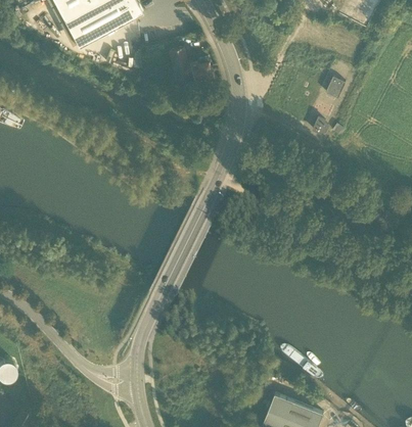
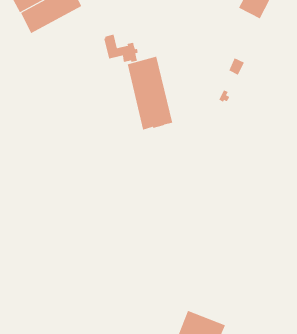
building: none -> [127,56,173,131]

